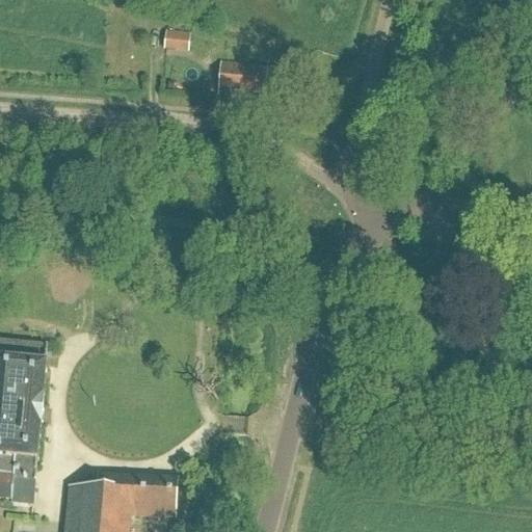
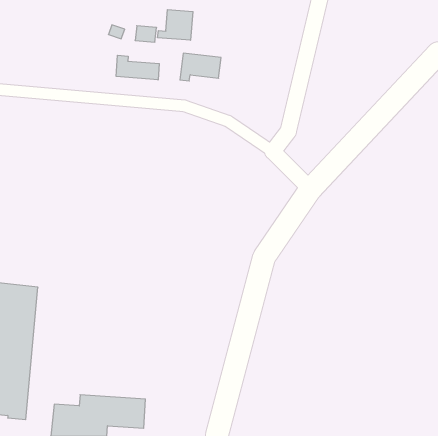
building: none -> [158,10,193,40]
building: none -> [116,55,159,80]

